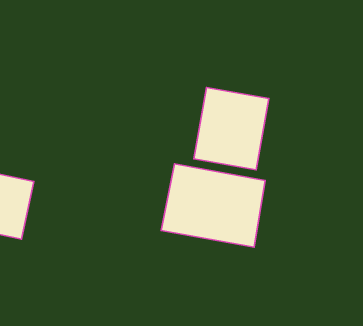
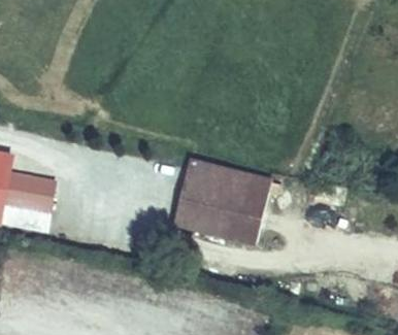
building: [194,87,269,170] -> none

